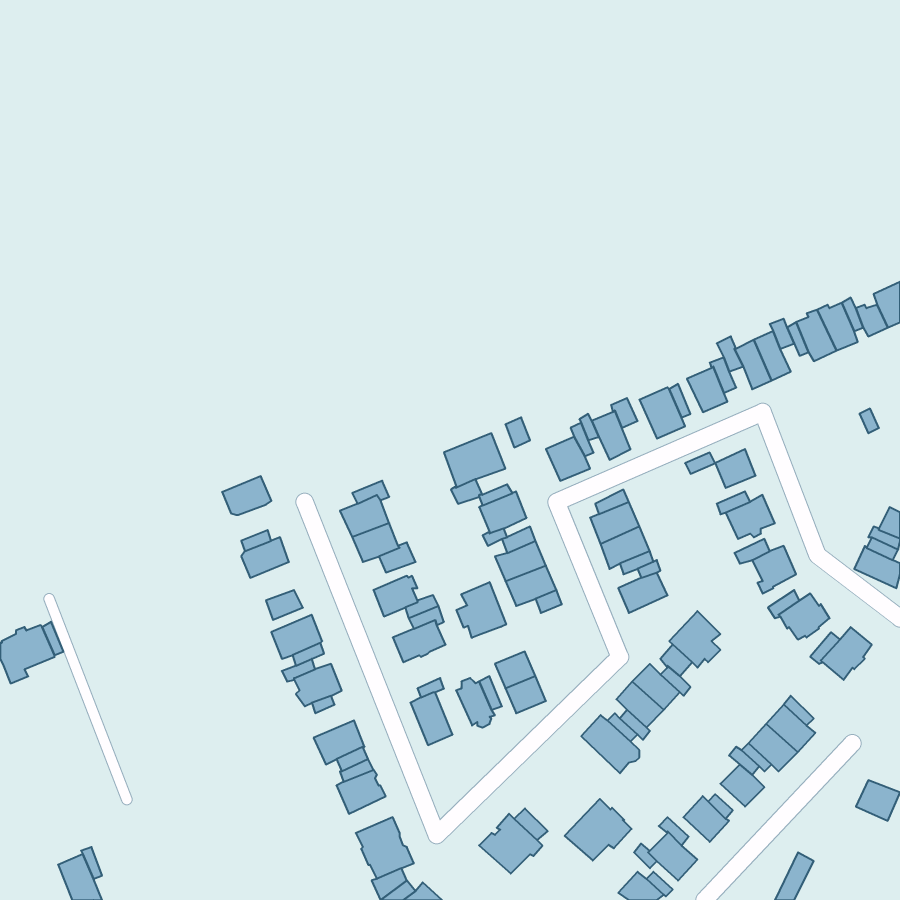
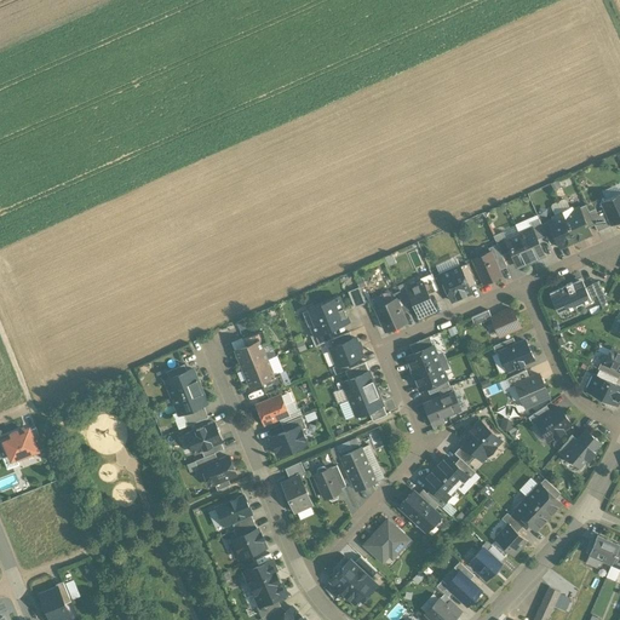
building: none -> [557,282,591,312]
building: [222,476,271,515] -> [172,386,206,413]
building: [456,582,506,638] -> none
building: [565,799,632,861] -> [363,519,409,562]

